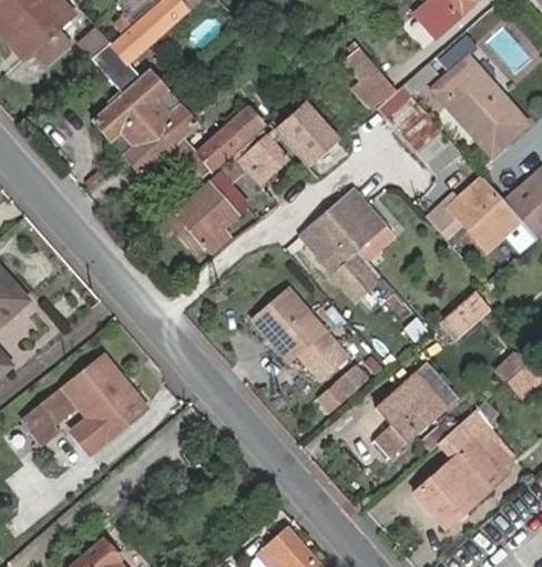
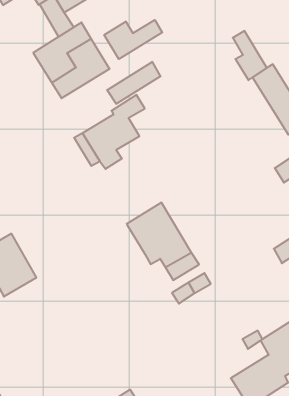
building: none -> [104,20,162,59]
building: [279,104,336,162] -> none
building: [235,127,287,182] -> none
building: [304,190,402,293] -> none
building: [377,365,454,454] -> none

